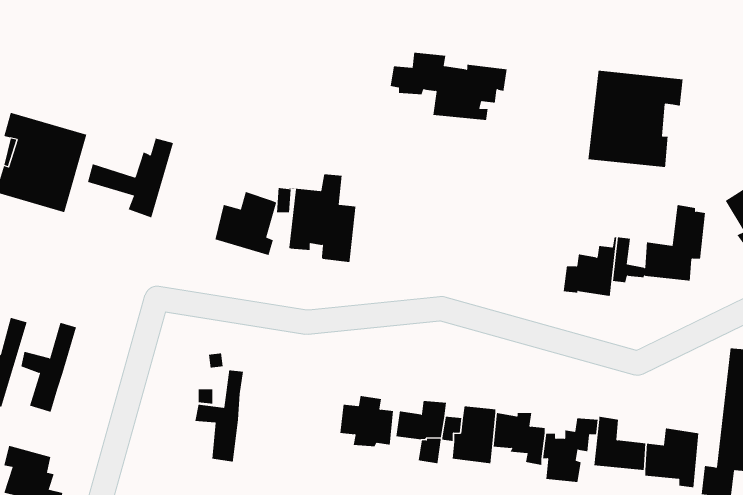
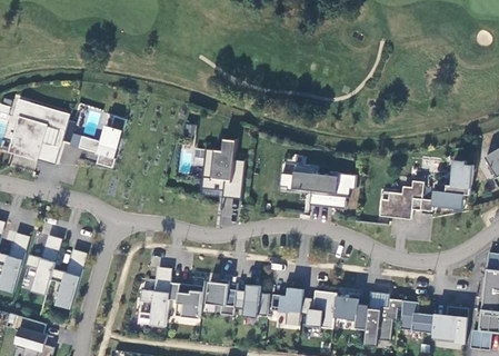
building: [390,52,507,120] -> [277,164,353,208]
building: [588,70,683,168] -> none
building: [215,191,277,256] -> none
building: none -> [50,250,87,309]
building: none -> [206,279,236,315]
building: none -> [168,283,202,318]

